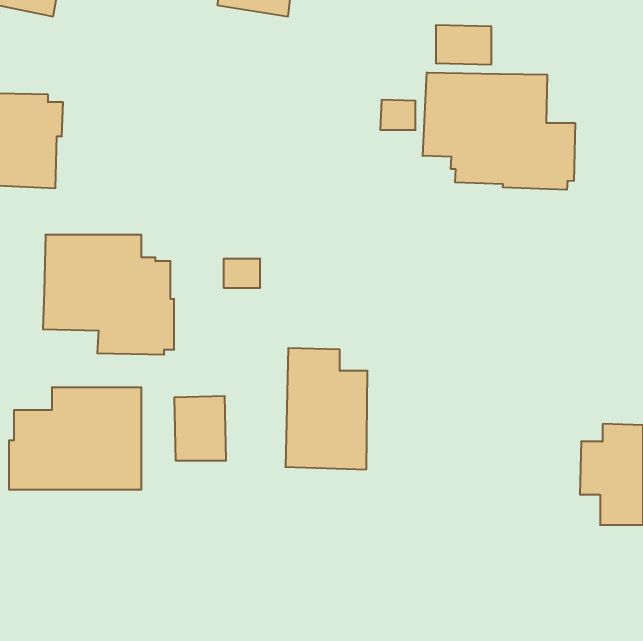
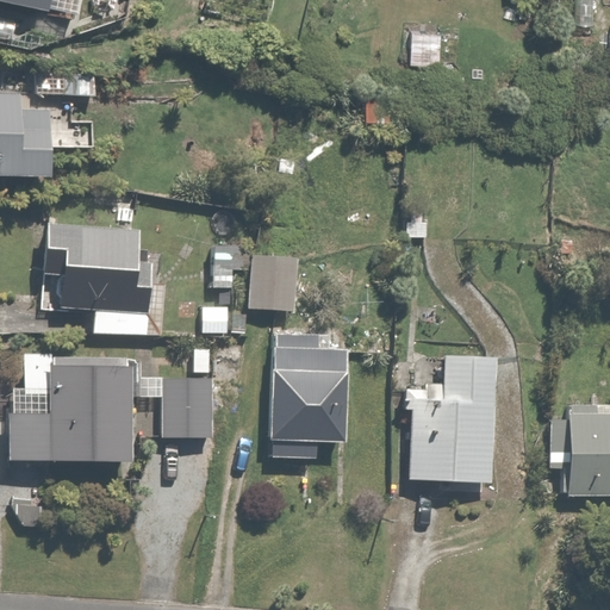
building: [423,72,575,190] -> none
building: none -> [249,255,300,312]
building: none -> [403,350,497,483]

